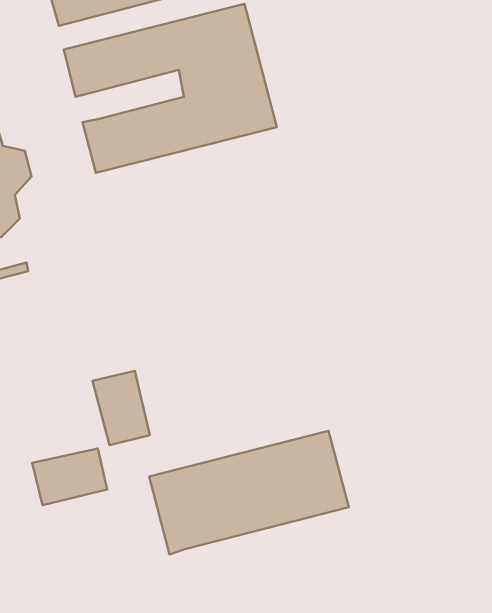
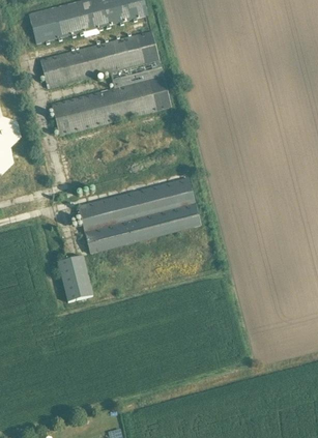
building: [149,431,349,554] -> [79,177,201,253]
building: [32,449,107,505] -> none

